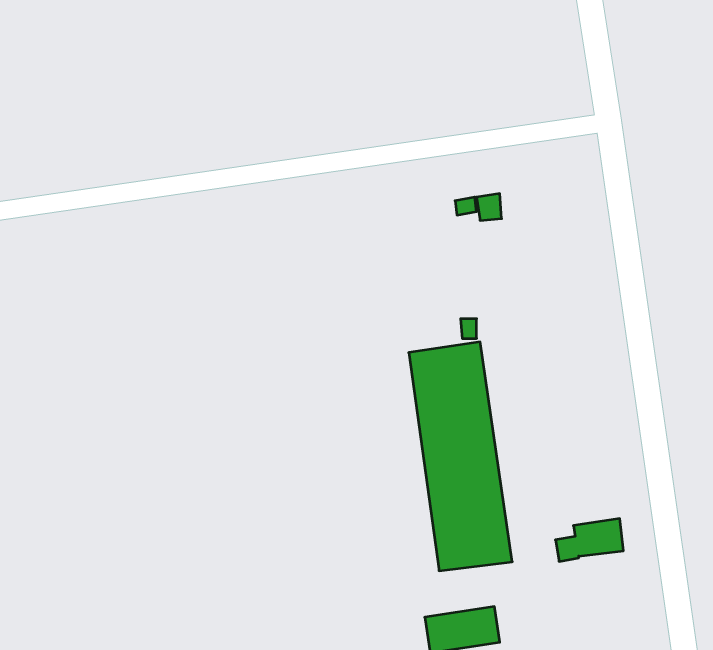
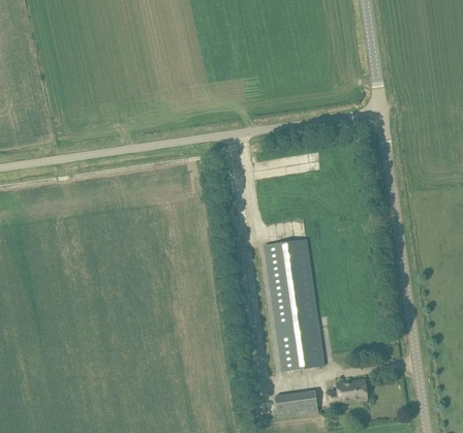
building: [555,519,623,561] -> [327,379,366,404]

